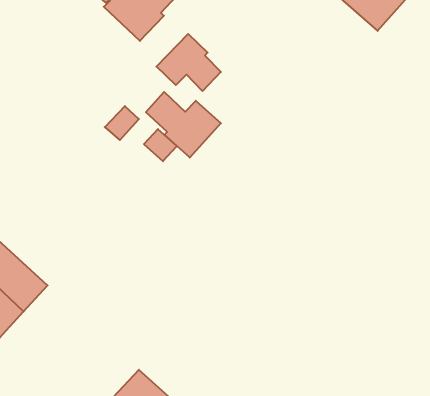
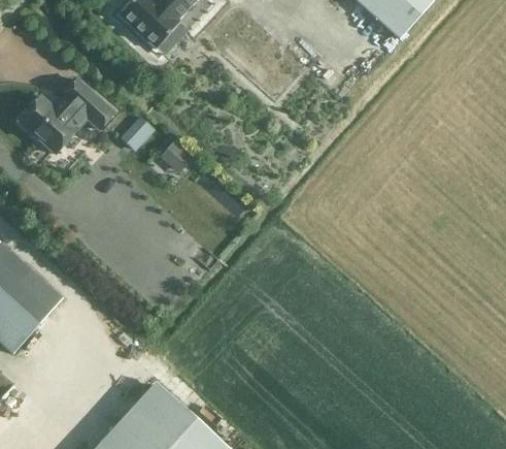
building: [156,34,221,91] -> none
building: none -> [18,77,115,155]
building: [146,92,221,158] -> none

